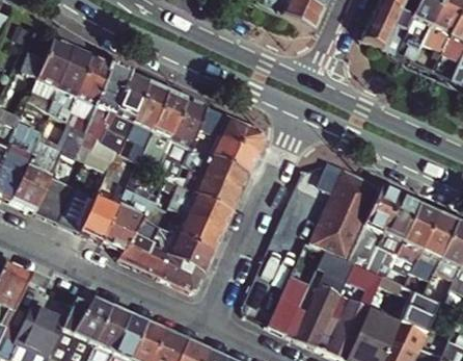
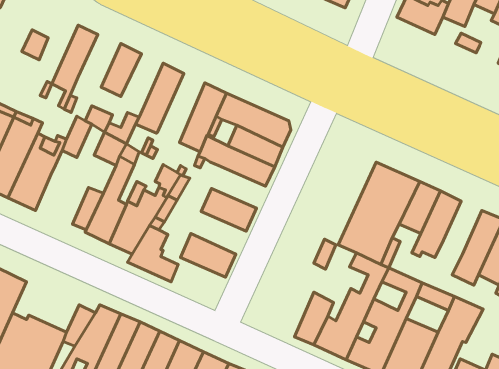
building: [38,33,74,82] -> none
building: [74,51,112,99] -> none
building: [112,69,151,117] -> none
building: [145,86,188,149] -> none
building: [192,170,243,208] -> none
building: [35,176,74,221] -> none
building: [402,202,438,250] -> none
building: [175,211,225,250] -> none
building: [148,247,207,289] -> none

